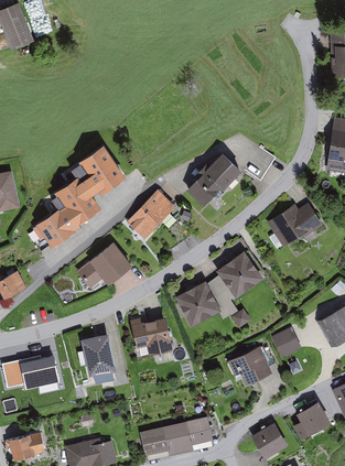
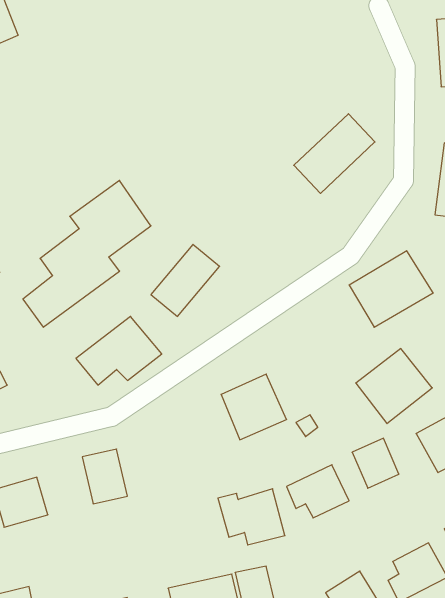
building: [185,152,242,208] -> [294,114,375,193]
building: [215,247,269,300] -> [356,349,432,424]
building: [130,316,177,356] -> [218,489,285,545]

